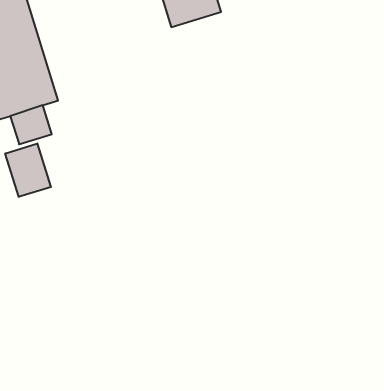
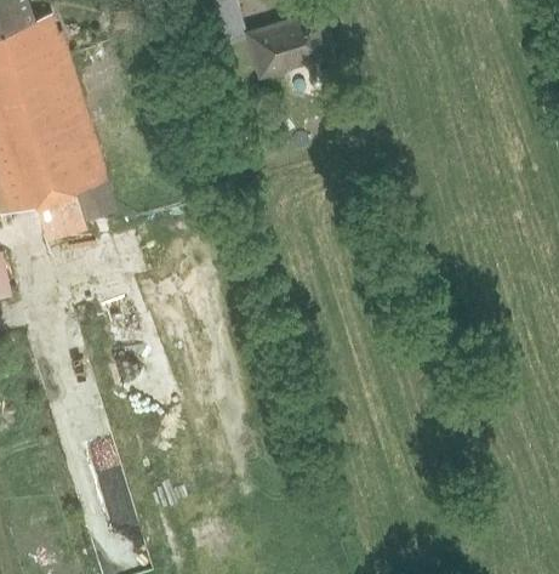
building: [5,143,51,197] -> none

